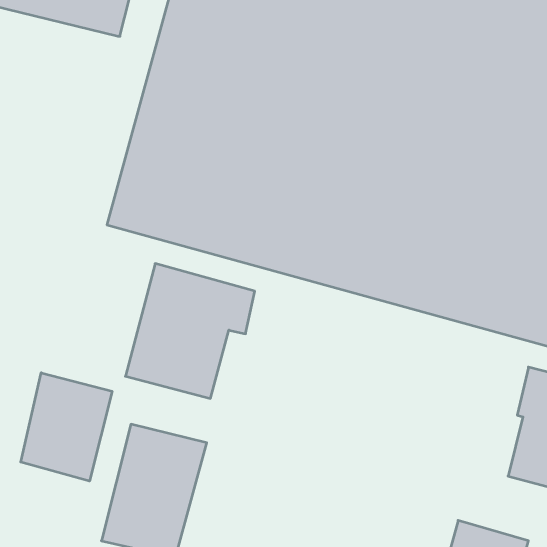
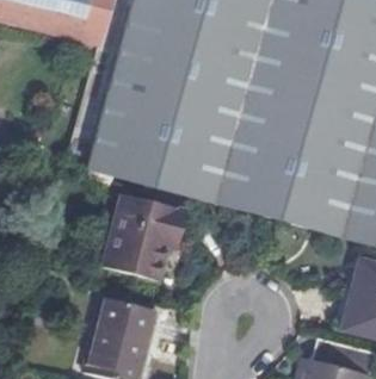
building: [21,373,112,481] -> none

